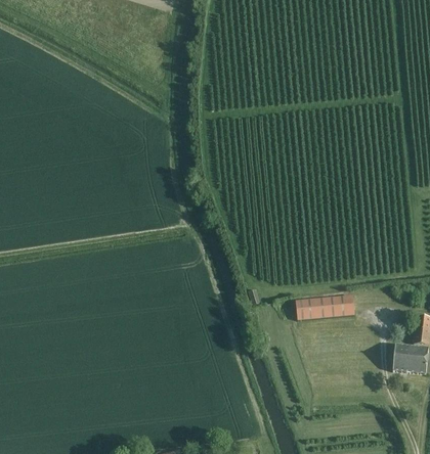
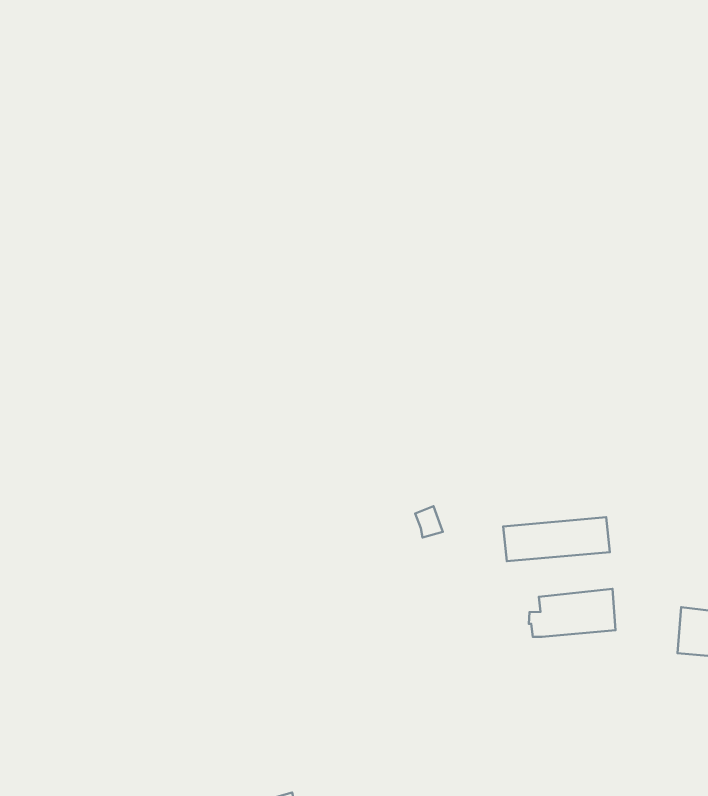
building: none -> [529,589,616,637]

